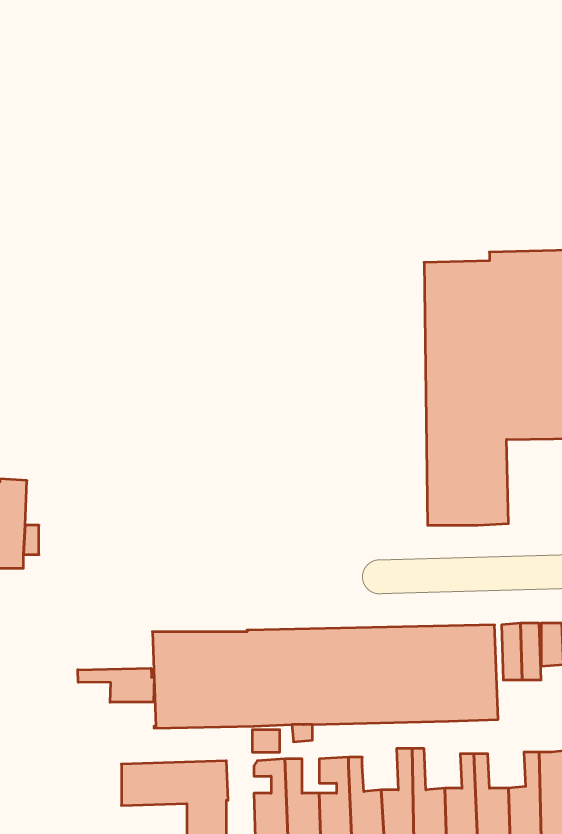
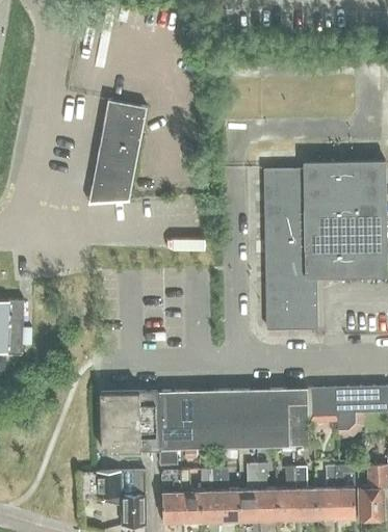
building: none -> [88,100,148,204]
building: [78,668,154,702] -> none

